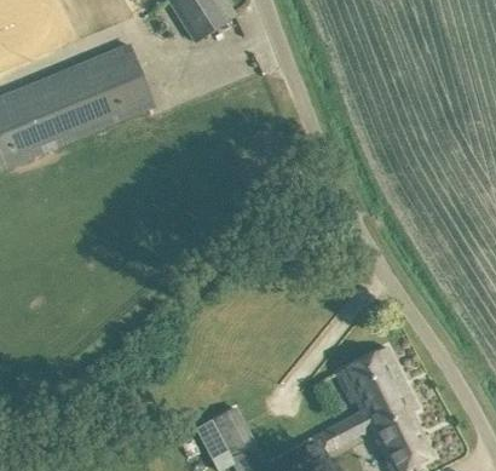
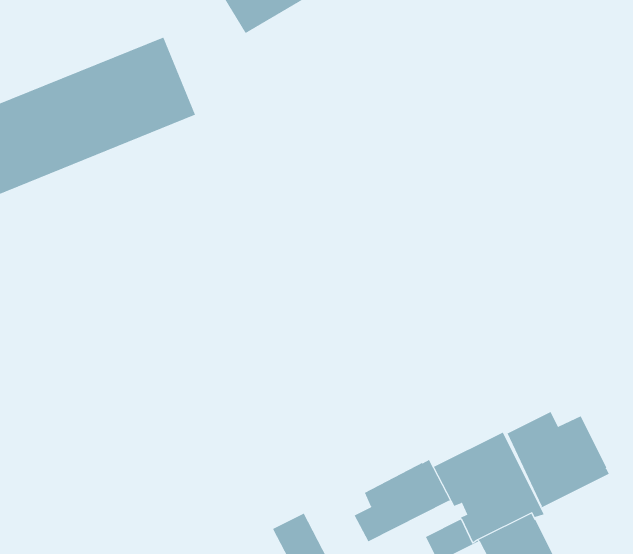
building: none -> [507,411,609,508]
building: none -> [354,459,451,542]

